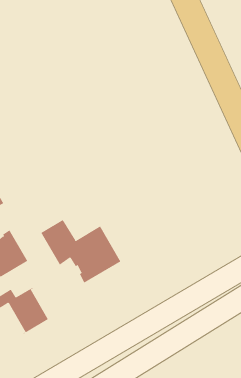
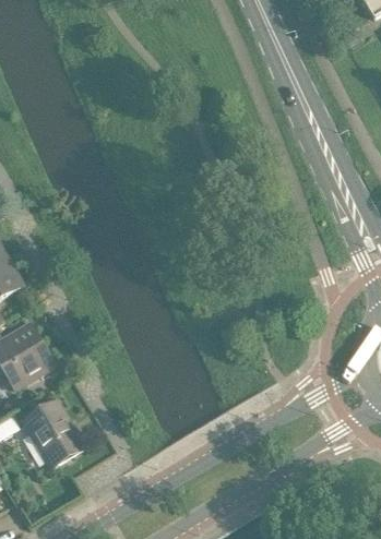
building: [40,219,121,284] -> none

